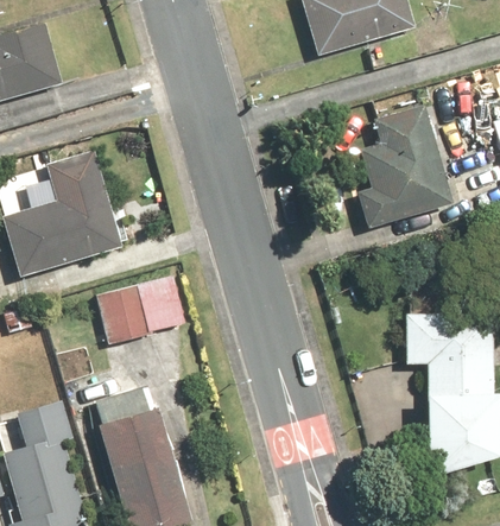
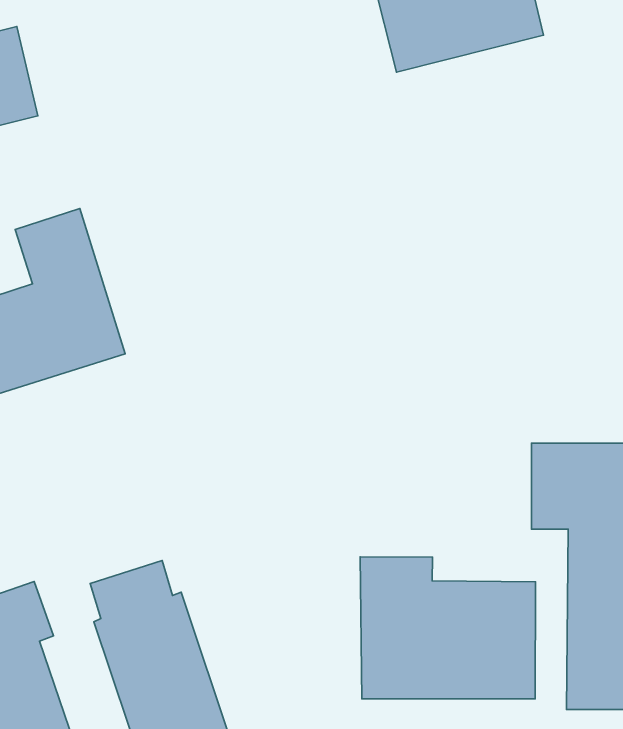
building: [350,106,448,229] -> none
building: [97,274,188,346] -> none
building: none -> [360,557,536,699]

